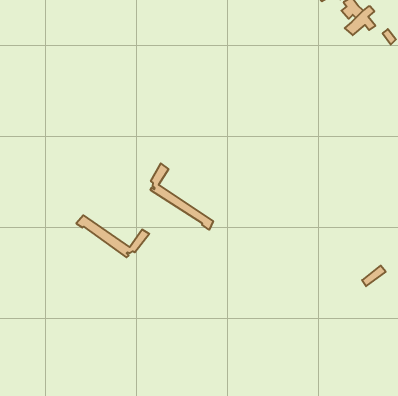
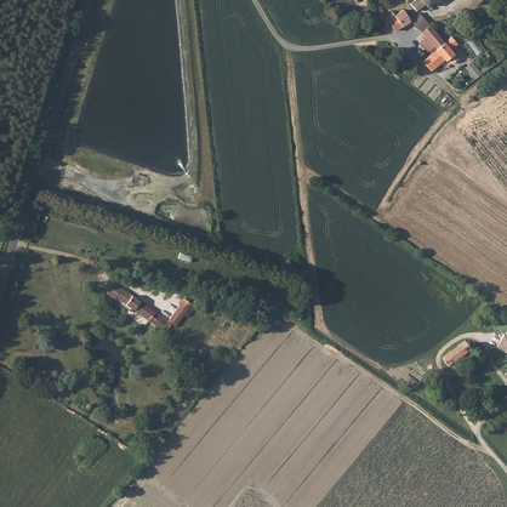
building: [151,163,213,230] -> none

